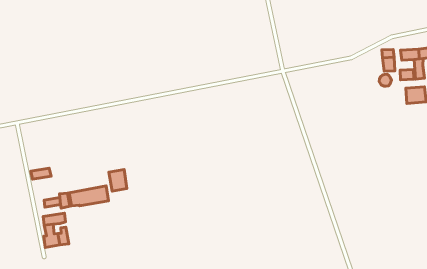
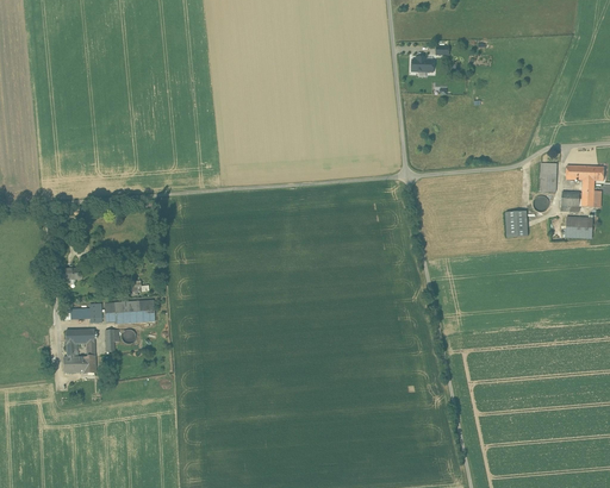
building: none -> [505,211,528,237]
building: [109,169,127,191] -> none

